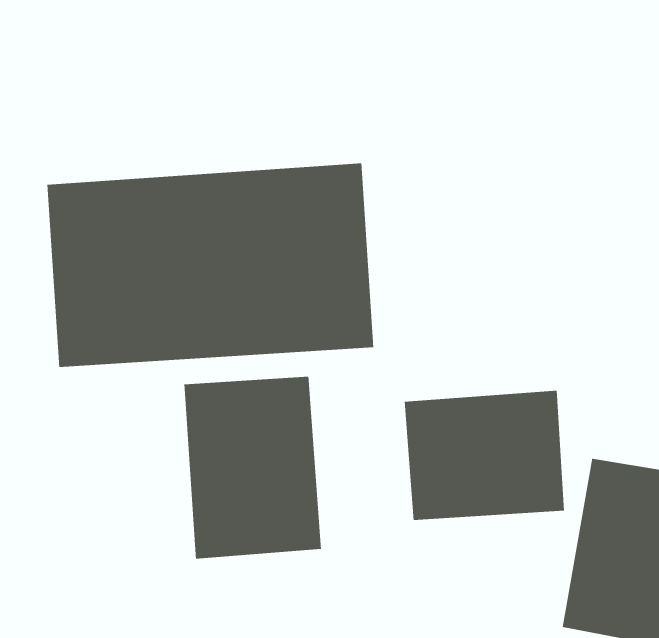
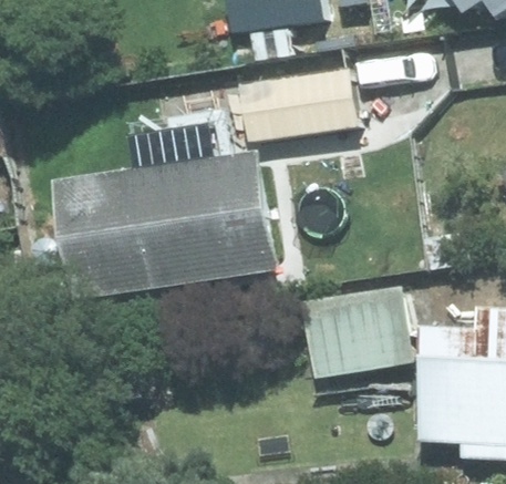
building: none -> [237,69,354,145]
building: [184,376,322,560] -> none

